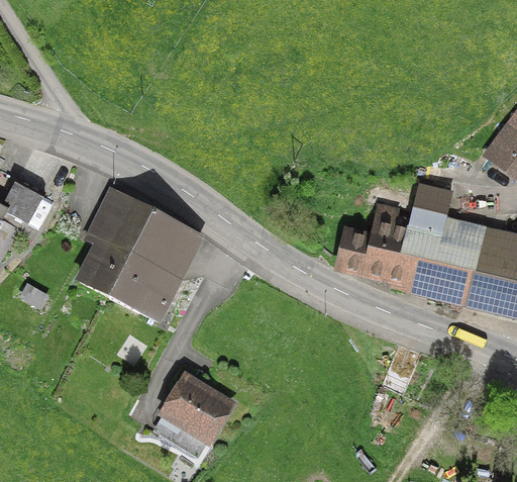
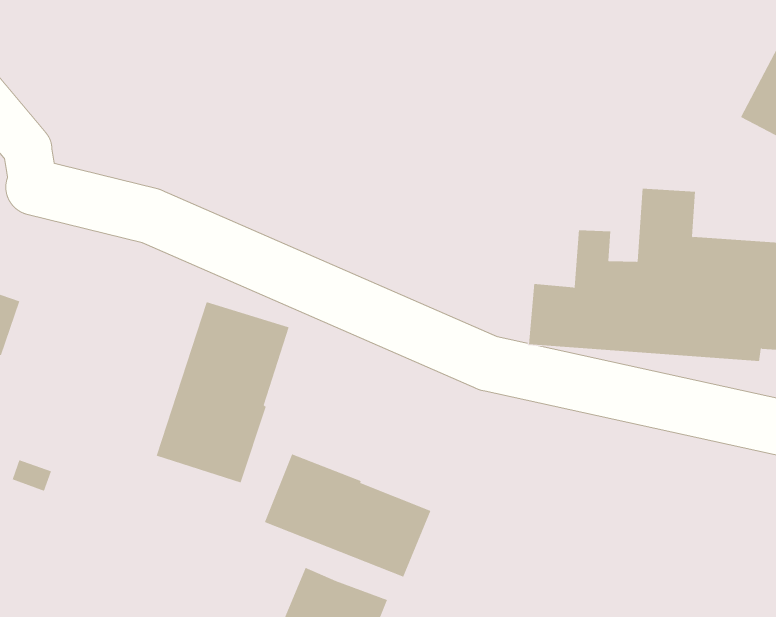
building: [79,188,152,296] -> none
building: none -> [264,454,431,578]

